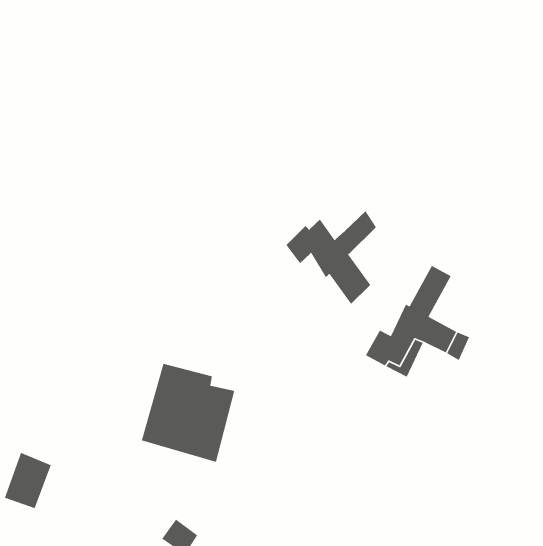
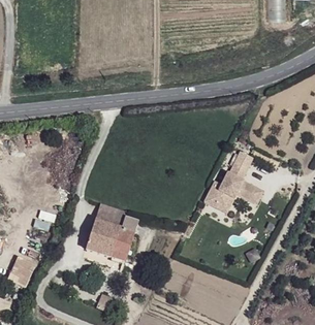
building: [285,210,377,305] -> none

